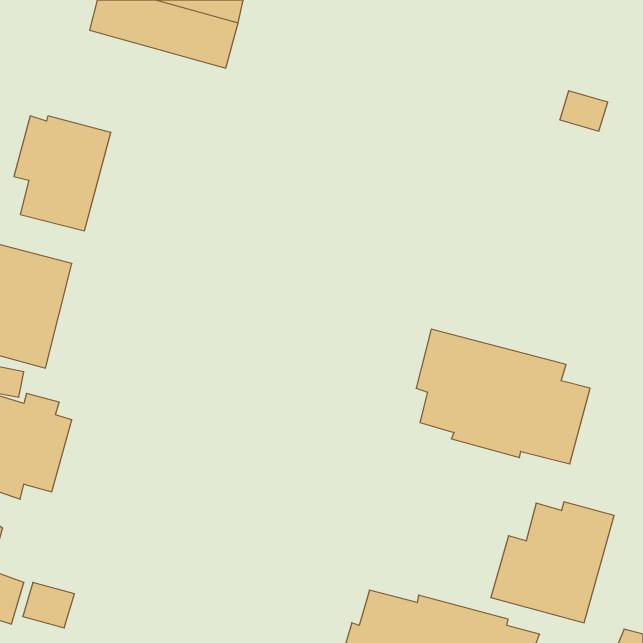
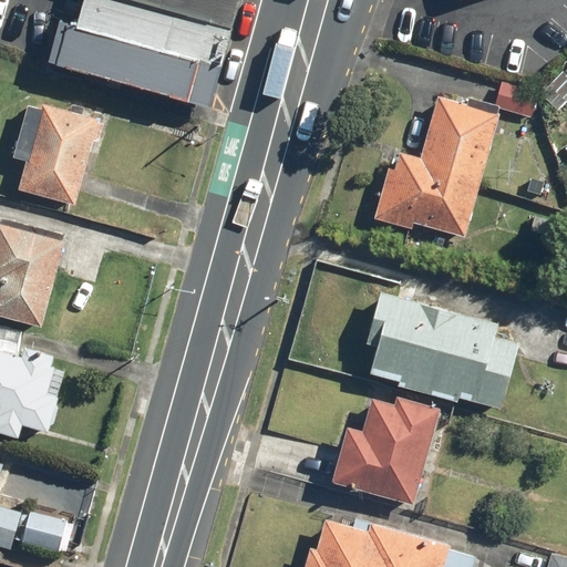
building: none -> [47,21,198,100]
building: none -> [372,94,499,237]
building: [491,502,614,623] -> [330,398,439,504]

